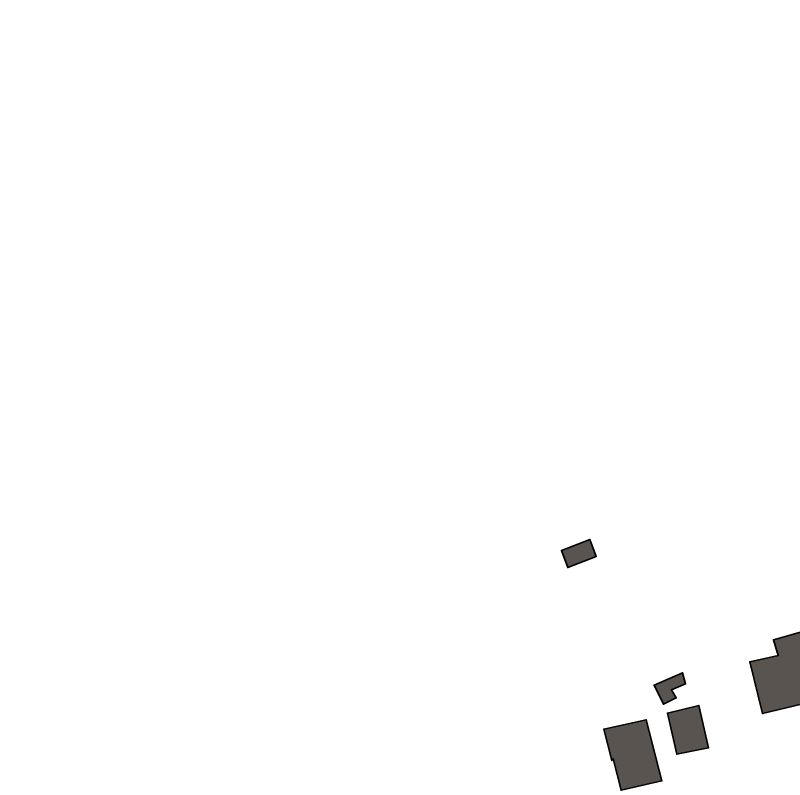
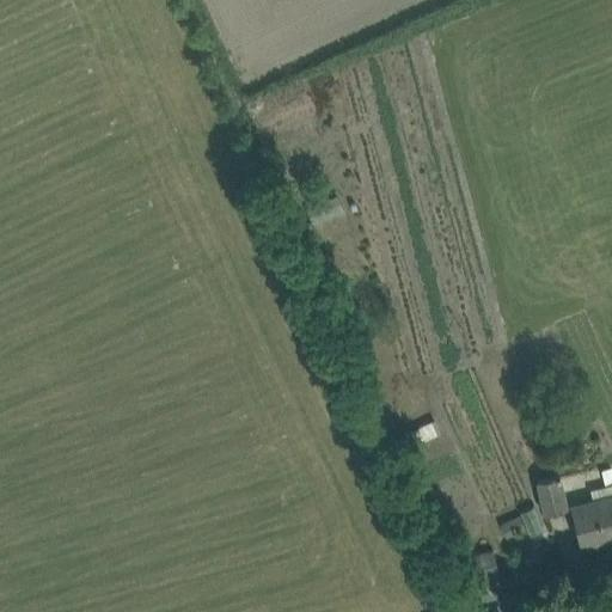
building: [668,705,708,754] -> [538,479,569,516]

